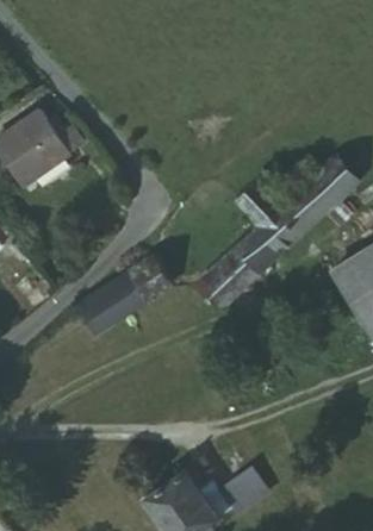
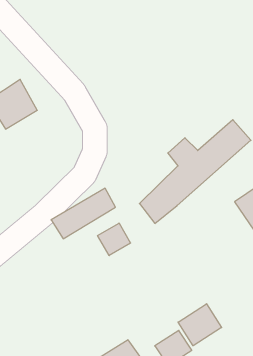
building: none -> [98,223,131,256]
building: none -> [178,304,222,346]

